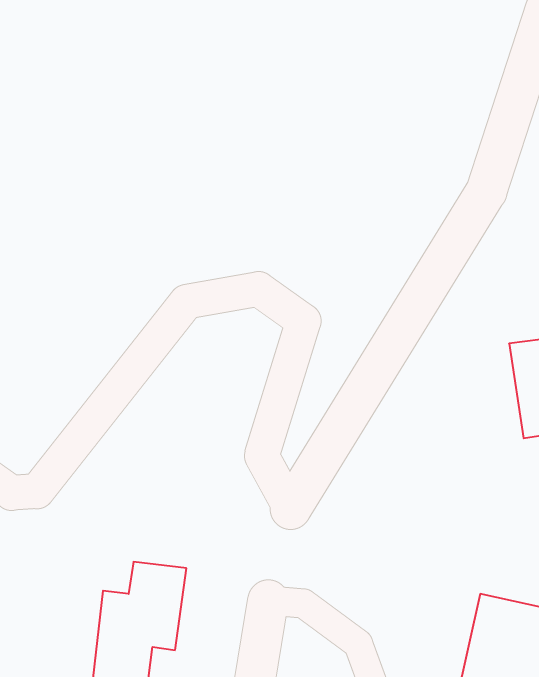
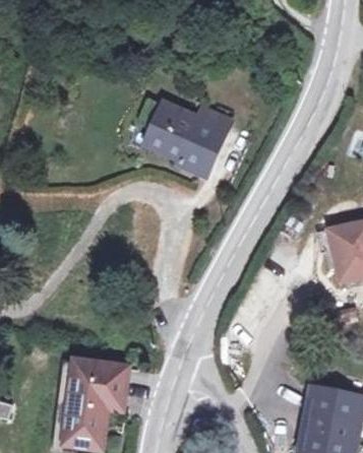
building: none -> [149,101,228,170]

